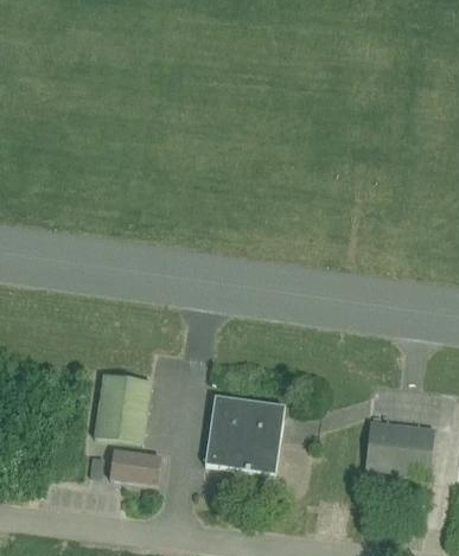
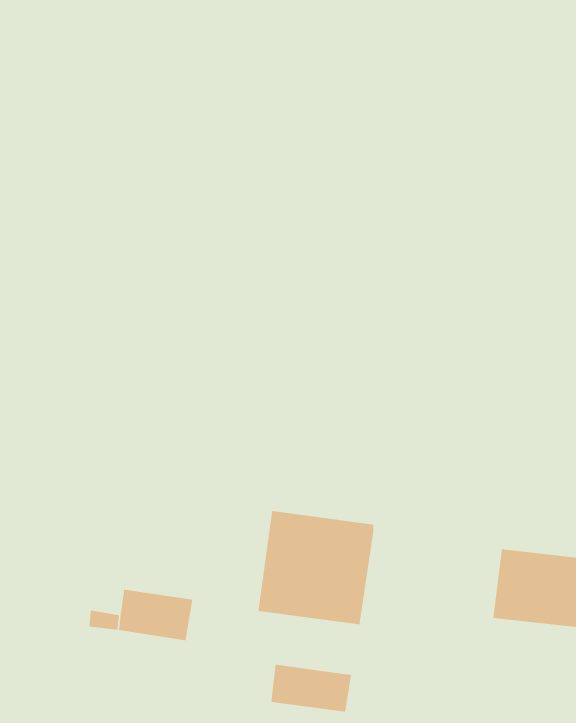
building: [95,373,151,443] -> none
building: none -> [271,664,352,712]

